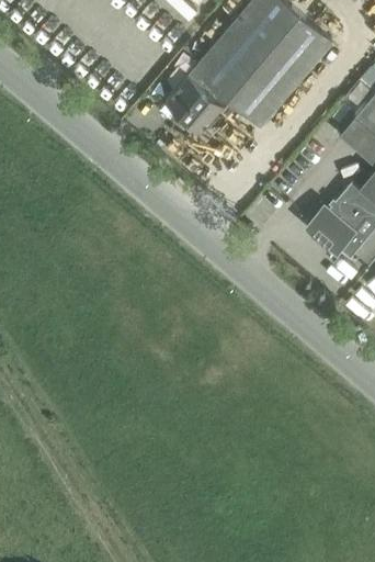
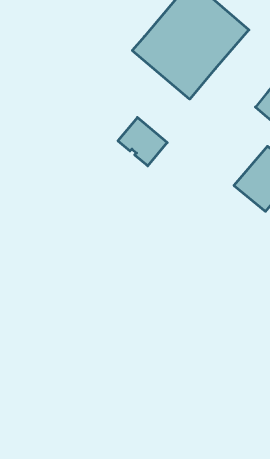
building: [166,76,224,133] -> [118,117,167,166]

